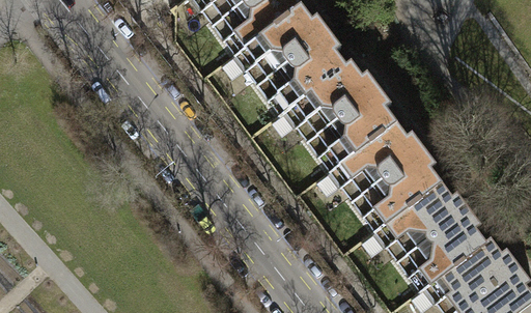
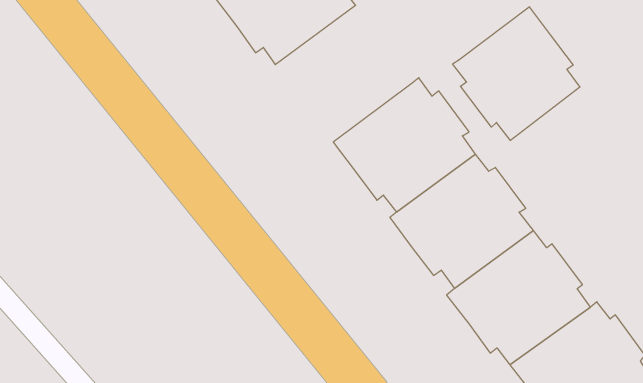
building: [233,5,346,113] -> none
building: none -> [453,7,580,140]

